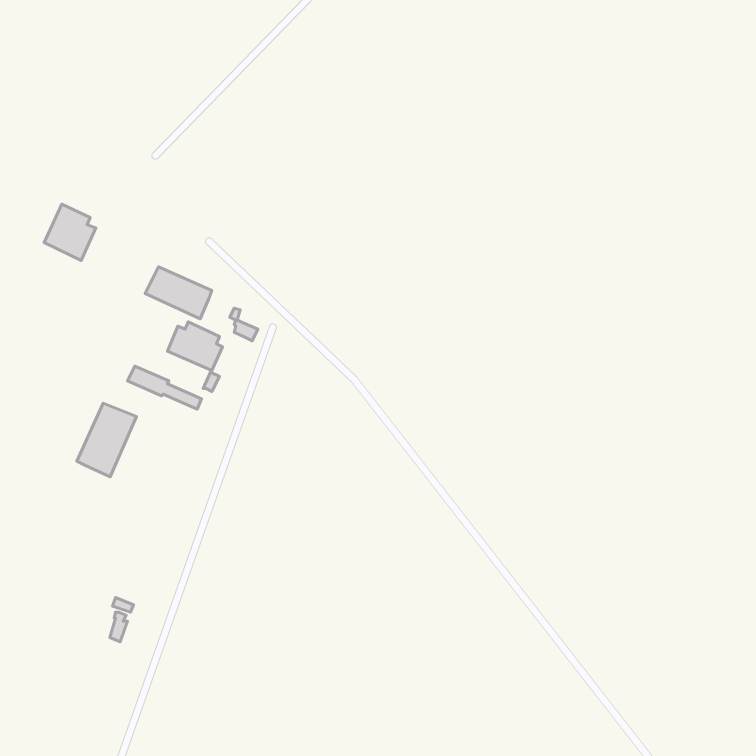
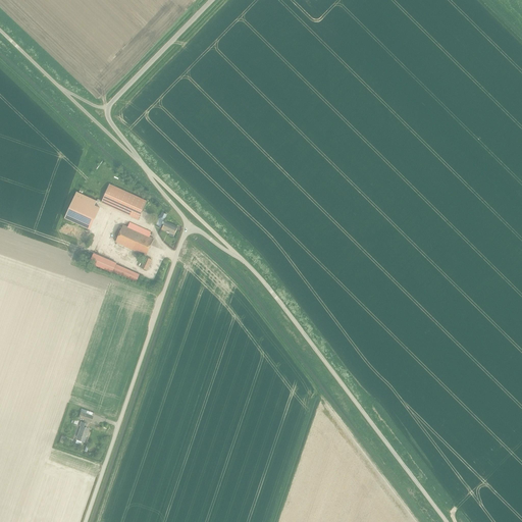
building: [44,204,96,260] -> [64,191,100,229]
building: [77,403,136,477] -> none

